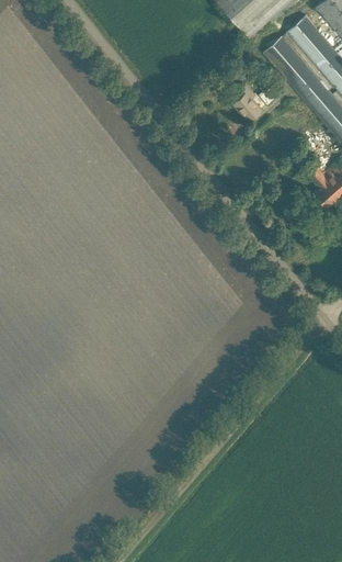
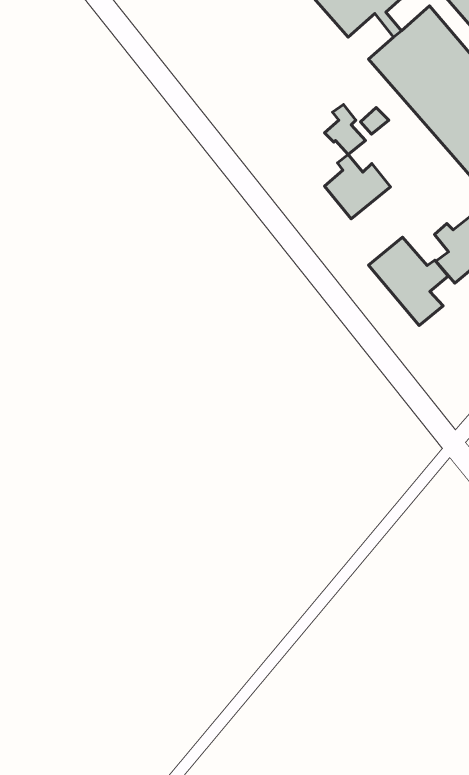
building: none -> [324,155,391,219]
building: none -> [369,237,448,325]

